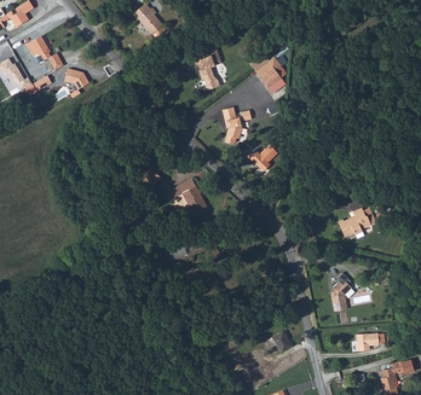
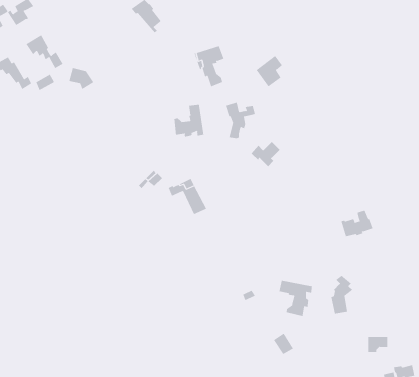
building: none -> [174,104,204,138]
building: none -> [279,280,312,317]

